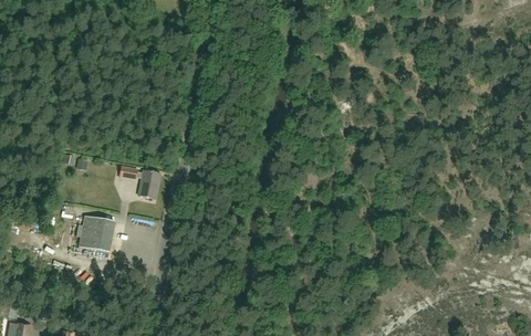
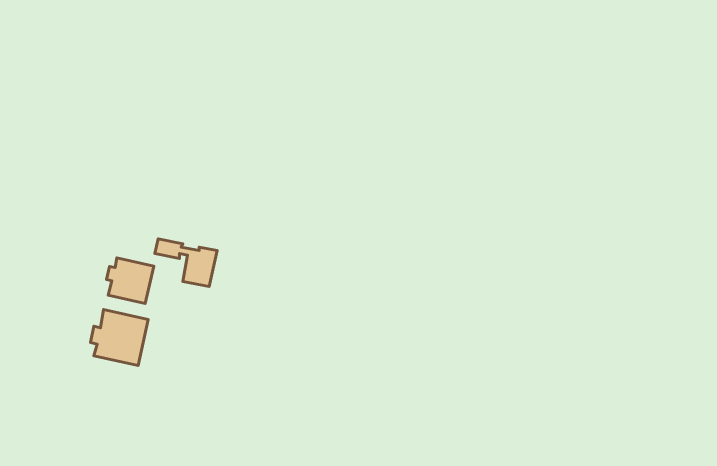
building: none -> [106,258,154,303]

